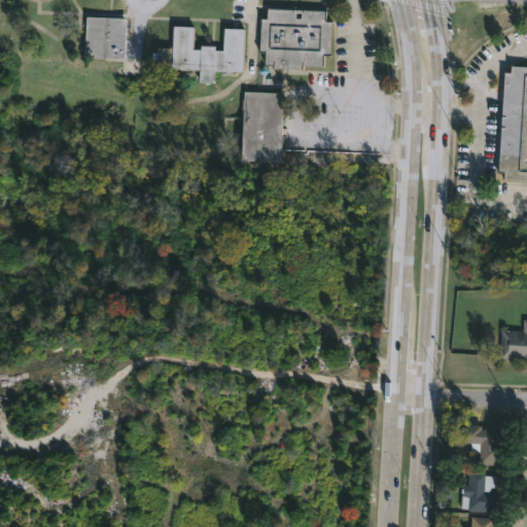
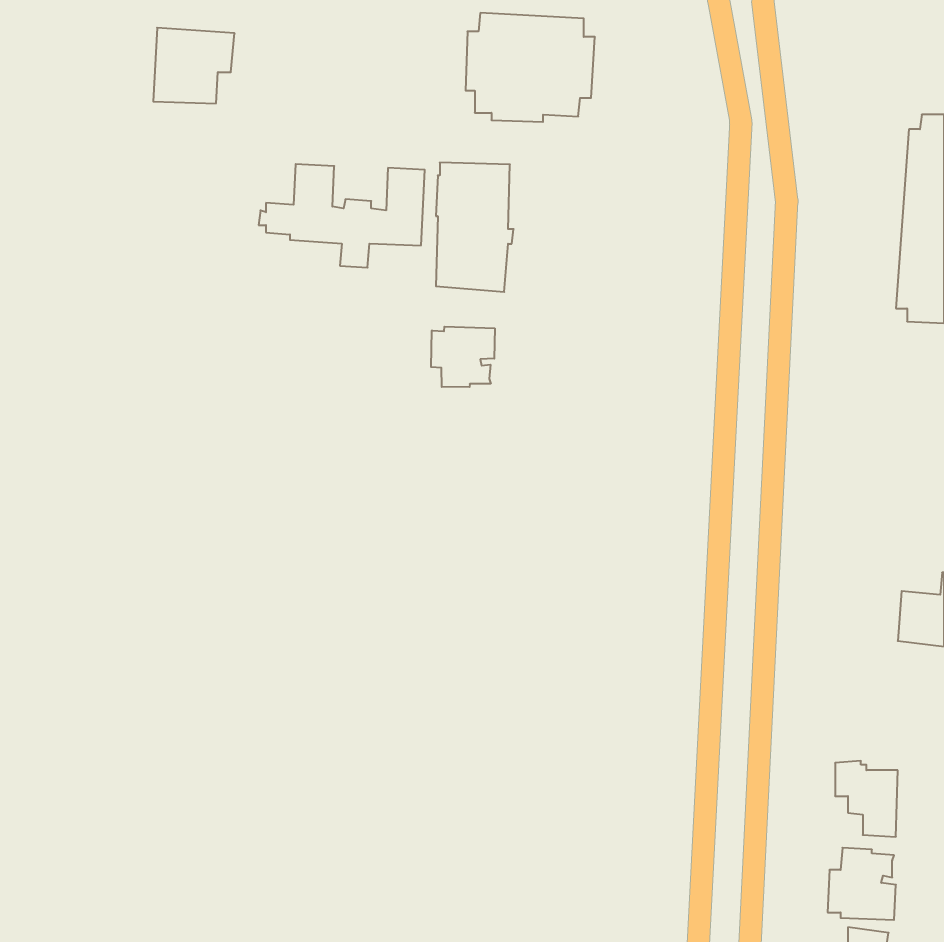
building: [153,26,246,83] -> [259,164,425,268]
building: none -> [431,327,495,387]

